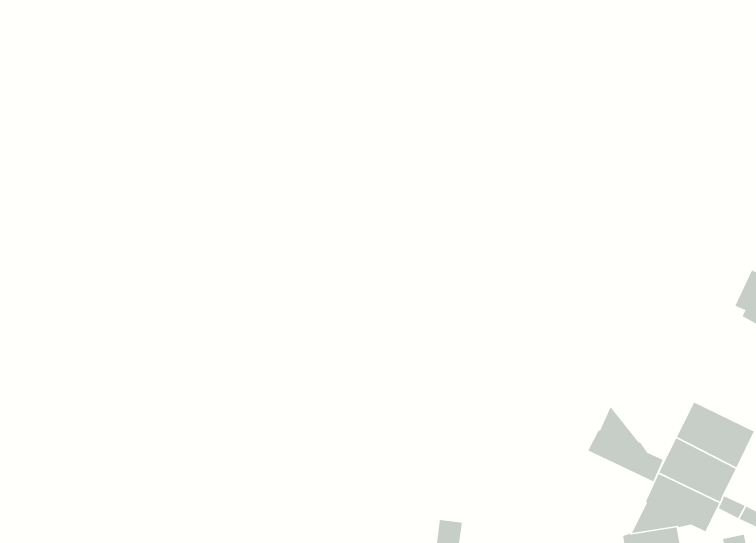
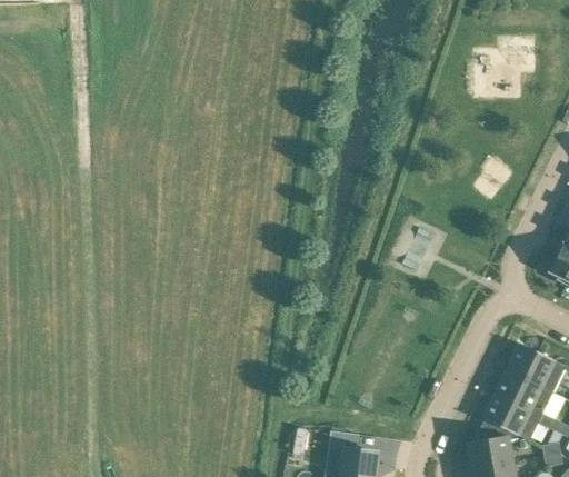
building: [587,406,664,483] -> none

